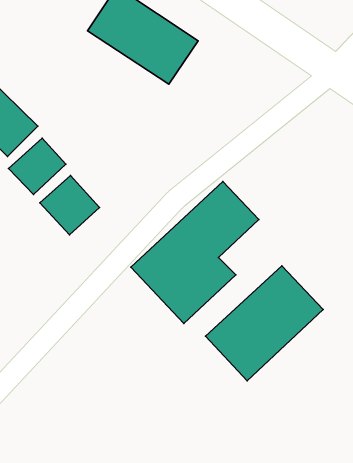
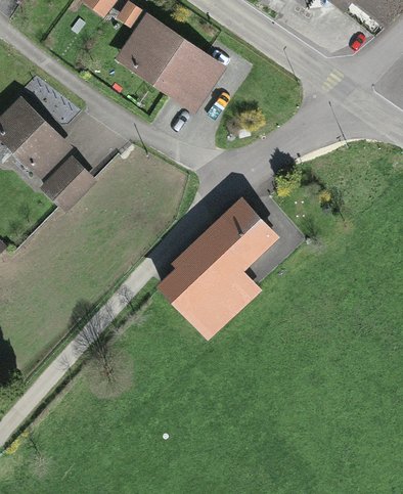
building: [40,175,99,235] -> none
building: [205,266,323,381] -> none

